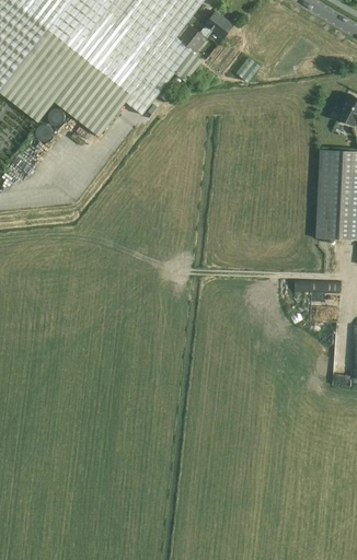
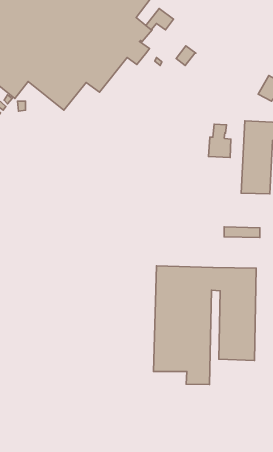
building: none -> [208,124,231,158]
building: none -> [154,266,256,385]

